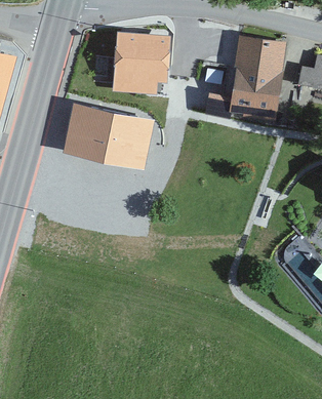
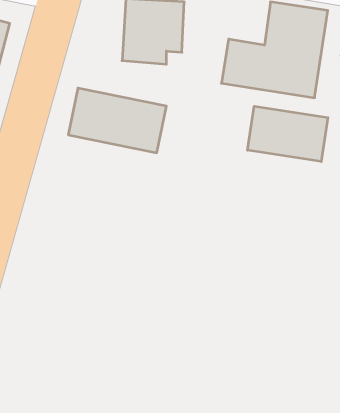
building: none -> [248,106,328,162]

